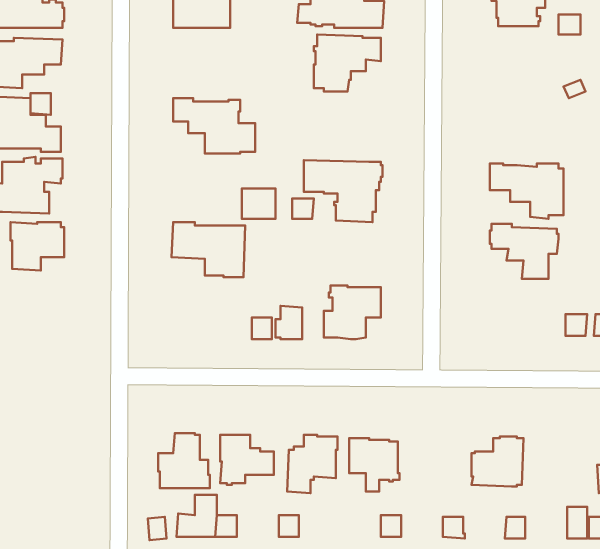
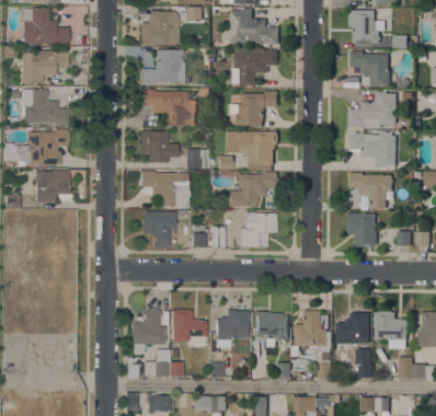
building: none -> [139,49,183,84]
building: none -> [348,50,389,86]
building: none -> [230,90,277,127]
building: none -> [347,91,395,128]
building: none -> [138,130,177,162]
building: none -> [228,172,277,207]
building: none -> [141,211,175,247]
building: none -> [346,213,377,246]
building: none -> [290,310,326,356]
building: none -> [374,311,406,348]

